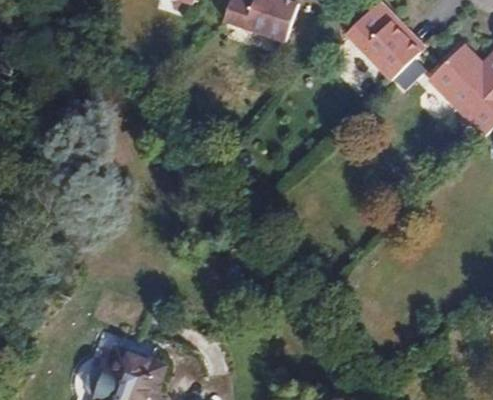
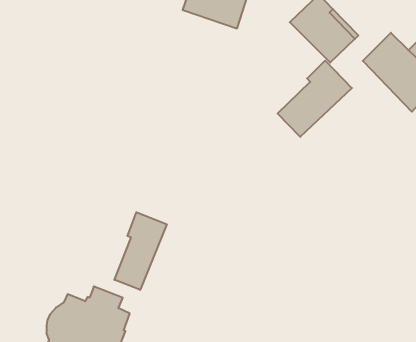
building: none -> [278,61,352,137]
building: none -> [114,212,167,290]

